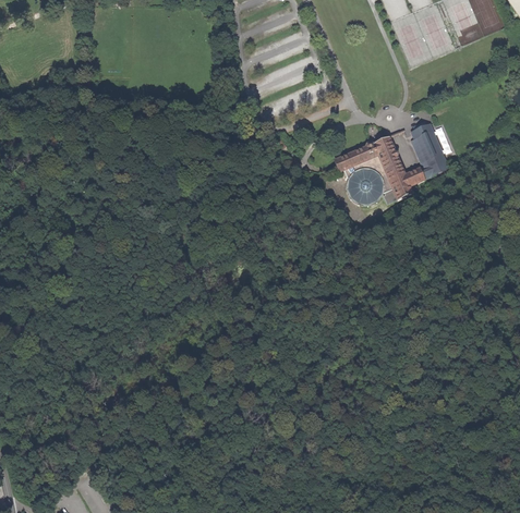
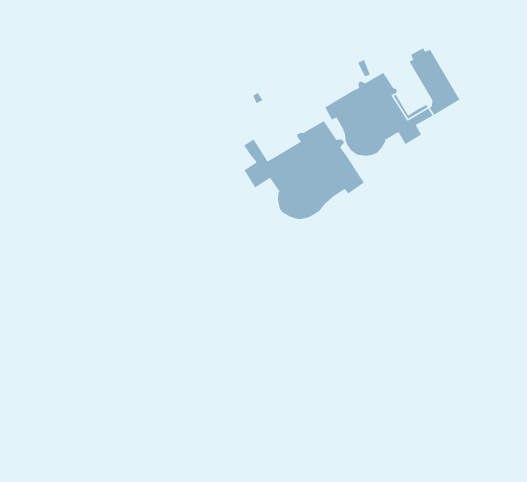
building: none -> [243,120,365,220]

